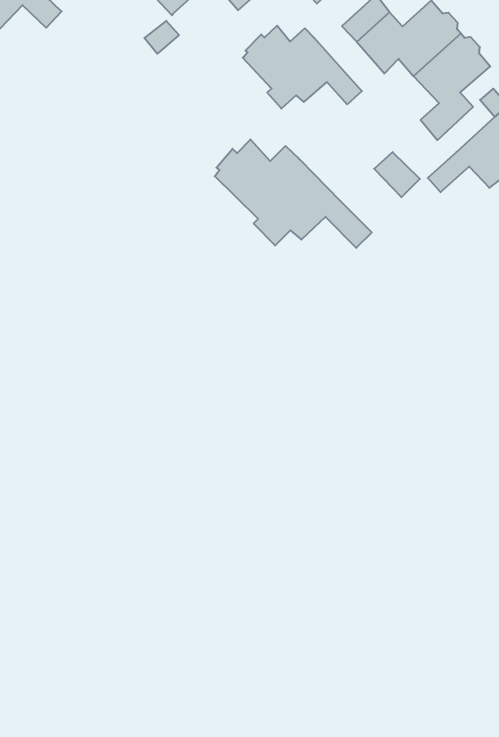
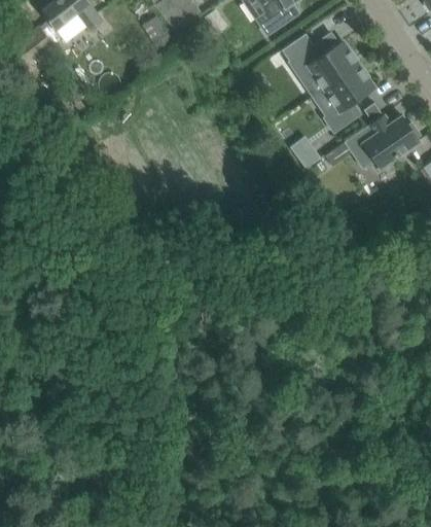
building: [243,26,362,109] -> none
building: [215,139,372,248] -> none

